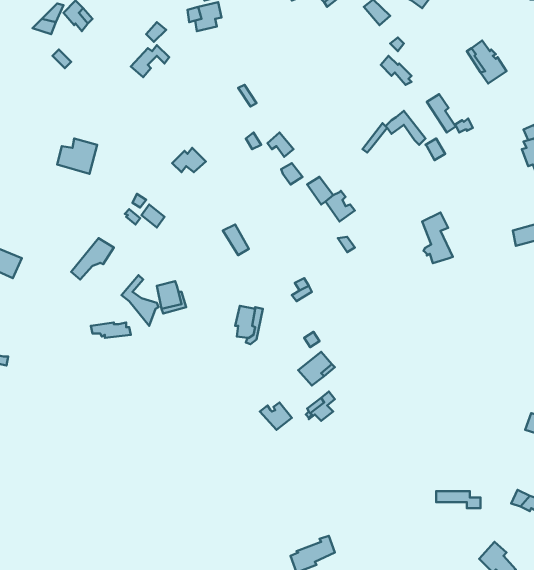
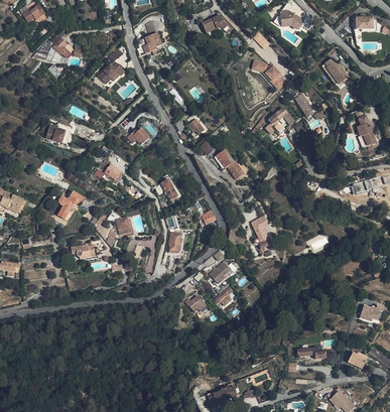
building: [422,212,453,263] -> [252,216,272,249]

